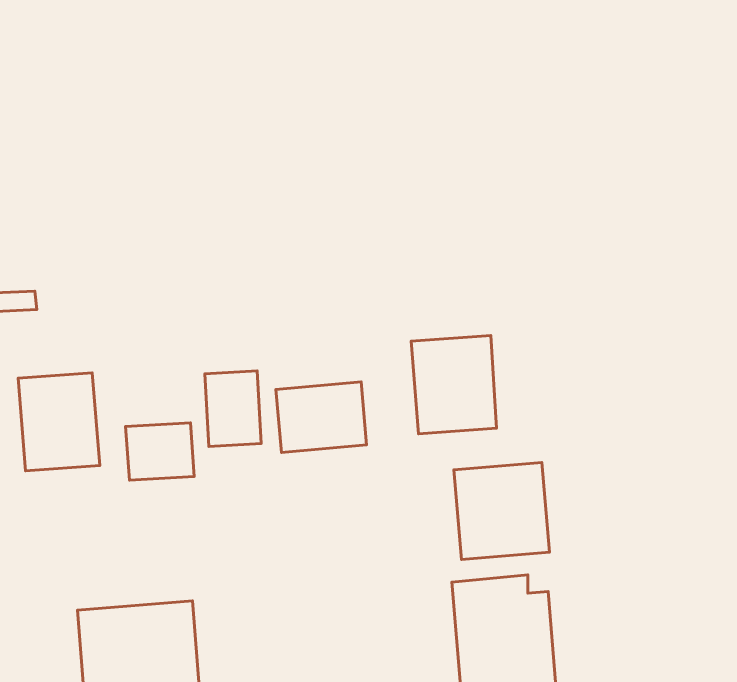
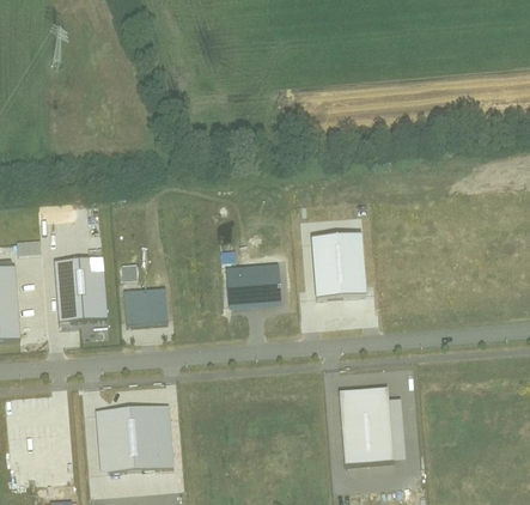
building: [205,371,261,446] -> none
building: [454,463,550,560] -> none

